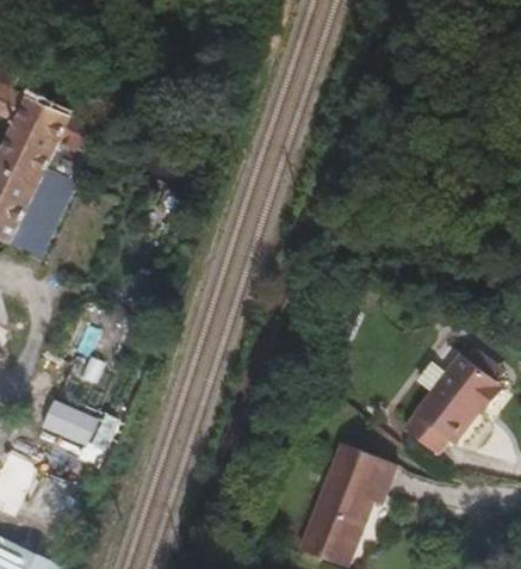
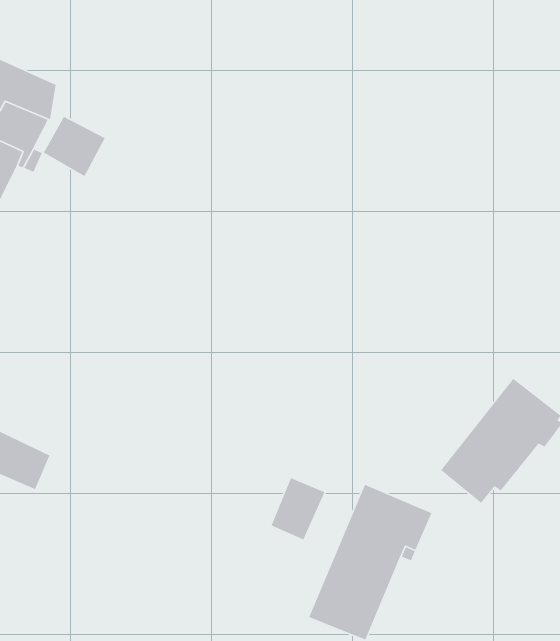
building: none -> [43,116,106,177]
building: none -> [271,477,326,540]

